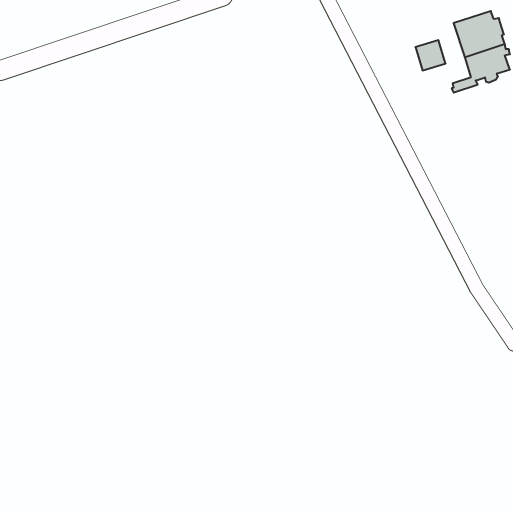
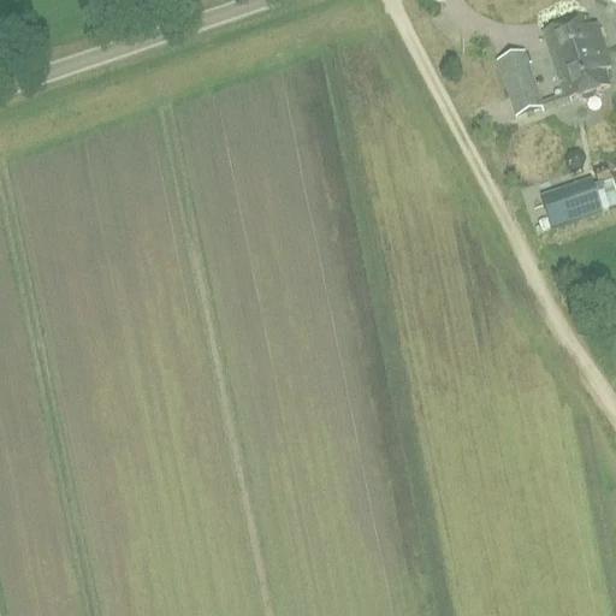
building: none -> [507,76,544,113]
building: none -> [539,173,603,225]

